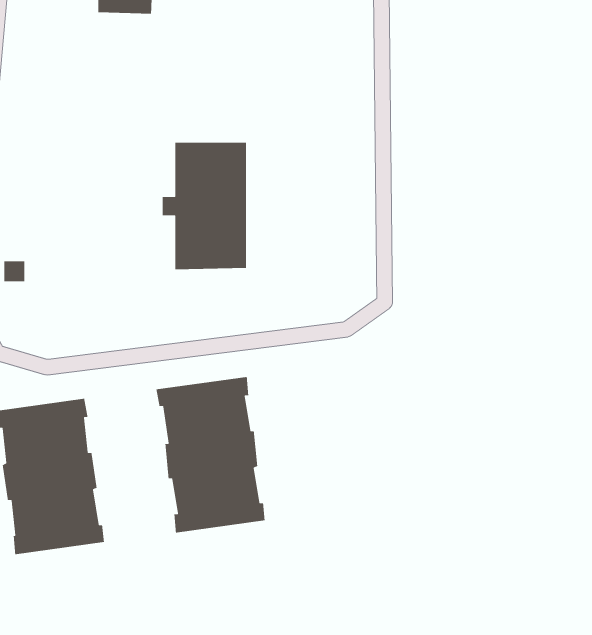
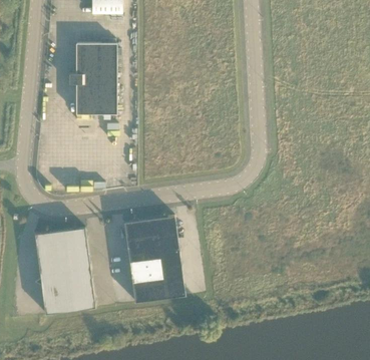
building: [162,142,247,270] -> [68,43,115,114]

